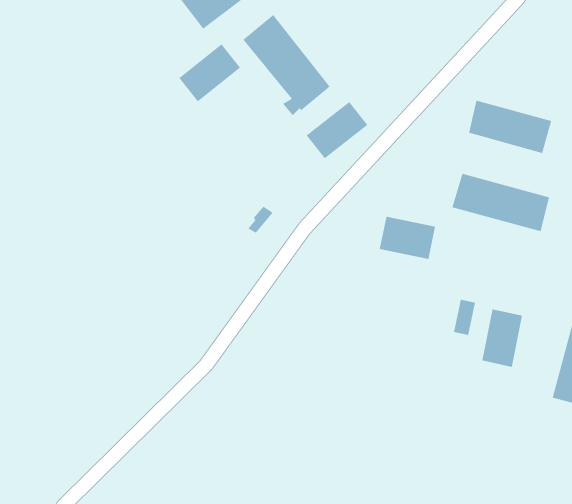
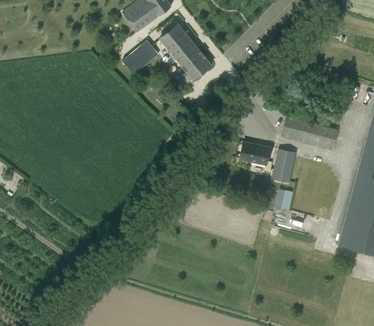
building: [468,100,552,154] -> none
building: [306,101,368,159] -> none
building: [482,309,523,367] -> [271,149,295,183]

